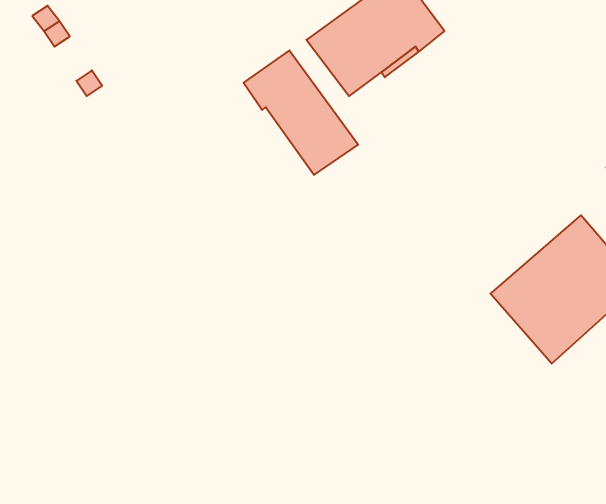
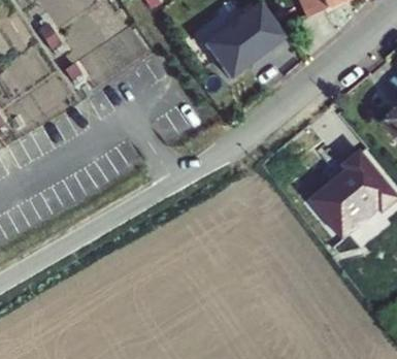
building: [244,50,358,175] -> none

